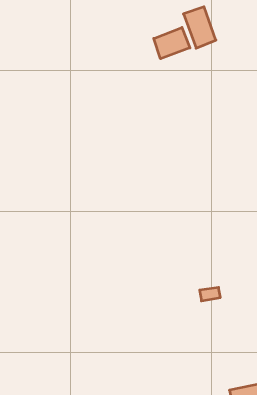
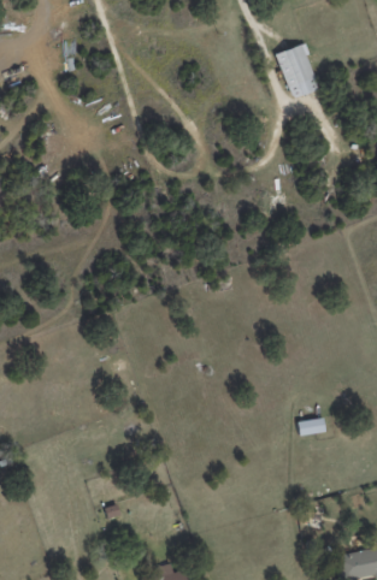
building: [154,27,190,59] -> none

